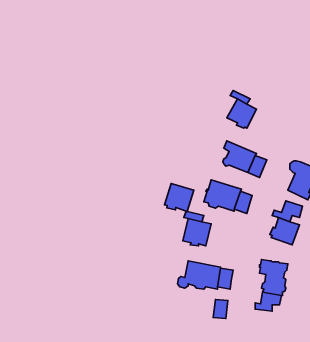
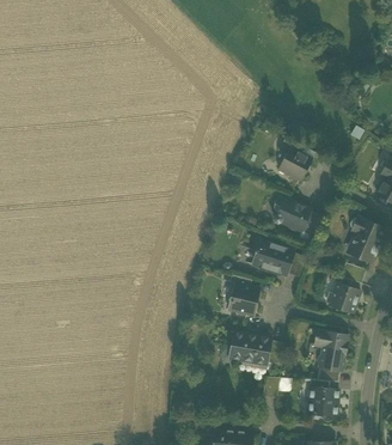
building: [164,183,194,212] -> none
building: none -> [308,388,339,420]

